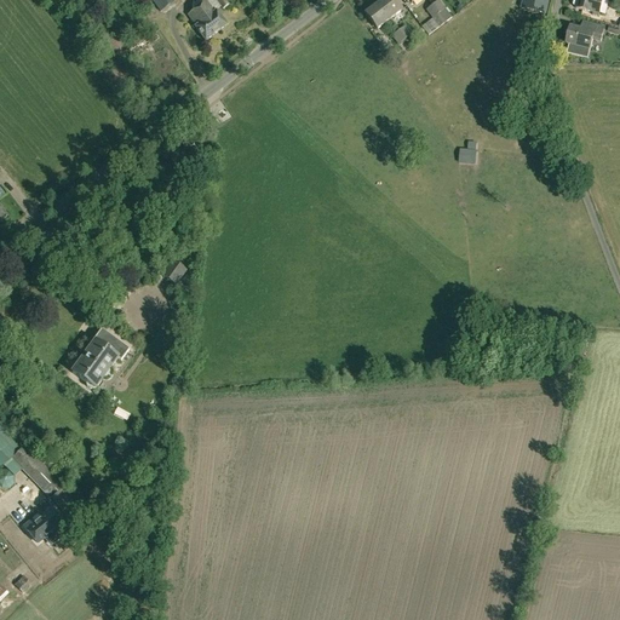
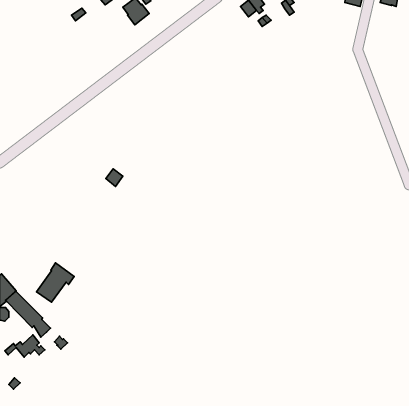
building: [566,18,604,54] -> none
building: [70,326,127,385] -> [36,263,74,302]

